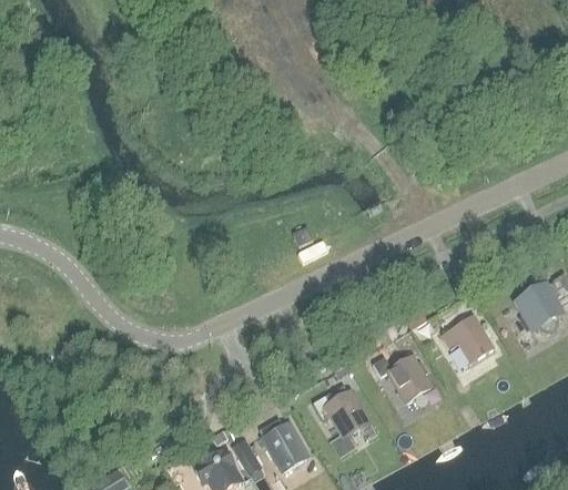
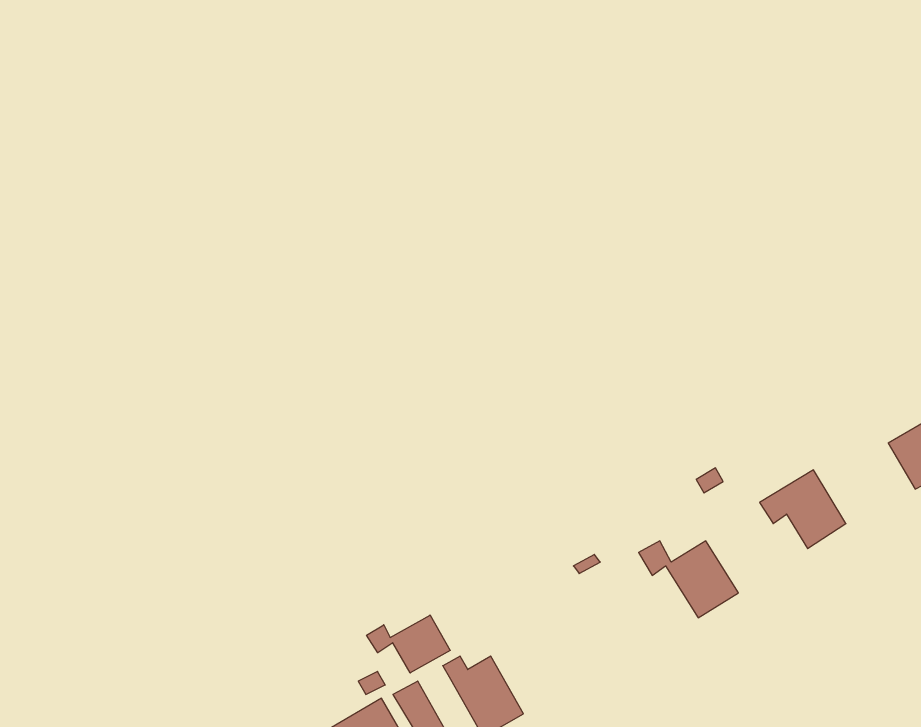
building: [314,392,369,438] -> none
building: none -> [367,615,450,673]

